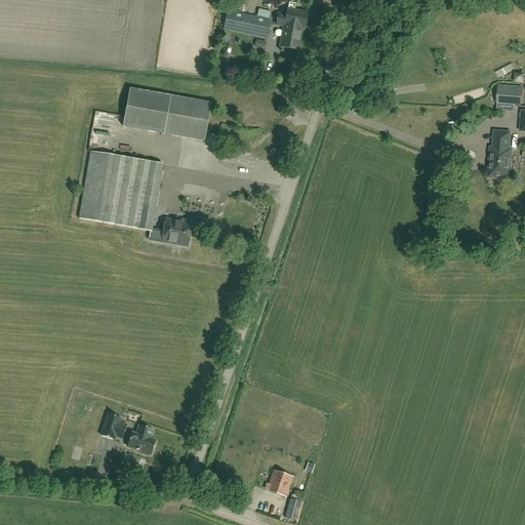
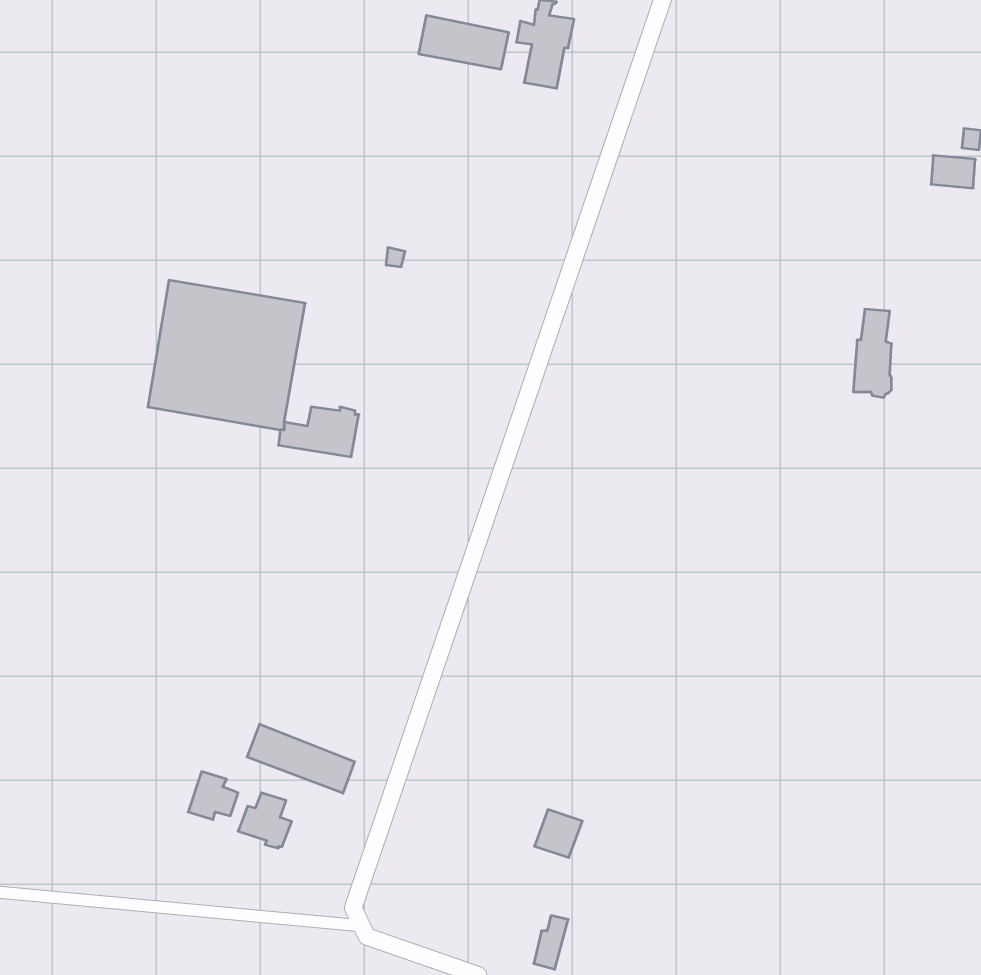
building: [122,87,210,139] -> none
building: [489,130,510,177] -> [853,309,892,397]
building: none -> [247,724,355,793]
building: [267,469,292,494] -> [534,810,582,858]

